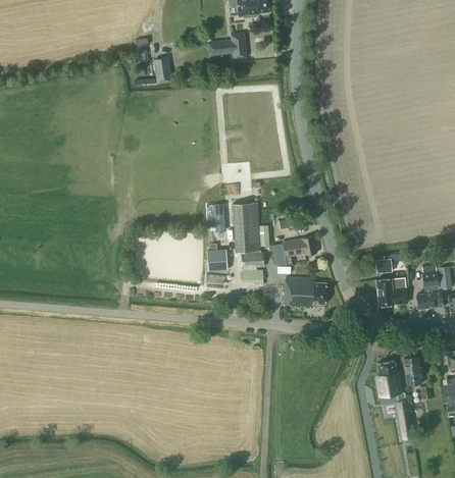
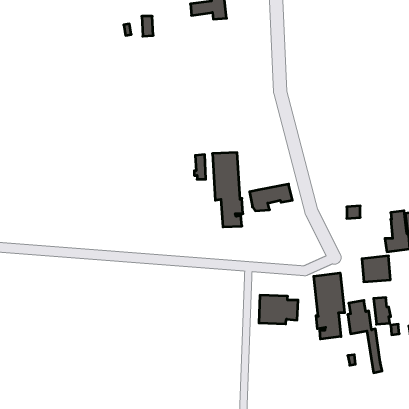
building: [207,250,226,271] -> none
building: [283,277,324,308] -> [259,295,298,324]
building: [375,277,406,305] -> [362,256,390,282]
building: none -> [314,273,345,339]

